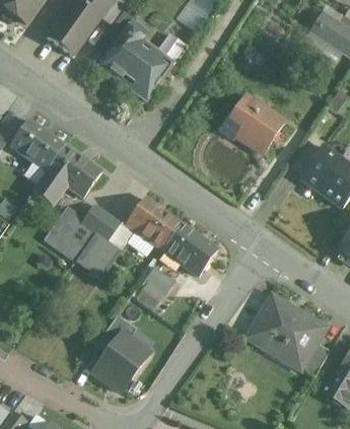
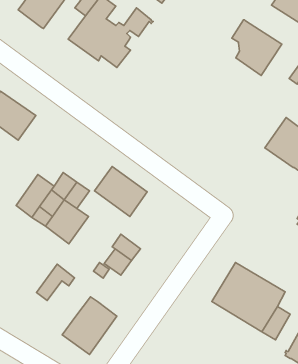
building: [232,95,284,153] -> [232,20,282,76]
building: [32,145,101,205] -> none
building: [162,224,217,275] -> none
building: [95,315,135,353] -> [36,264,75,300]

